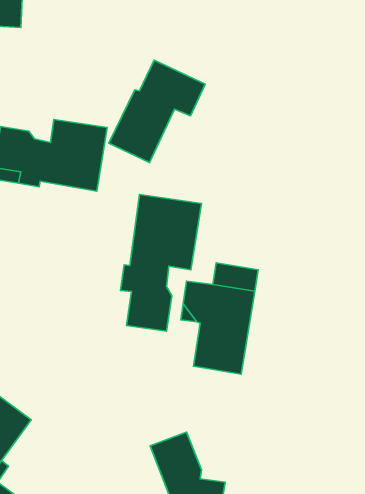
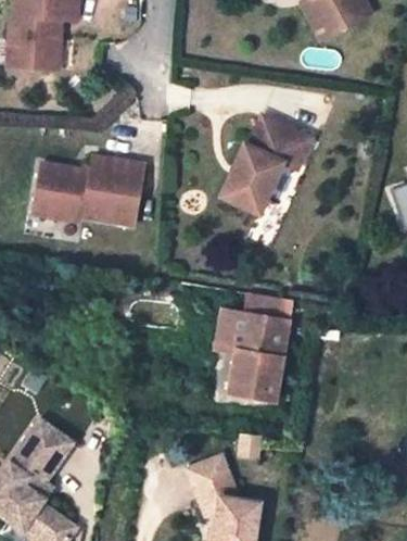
building: [109,60,205,163] -> [219,116,311,214]
building: [120,195,202,331] -> none

